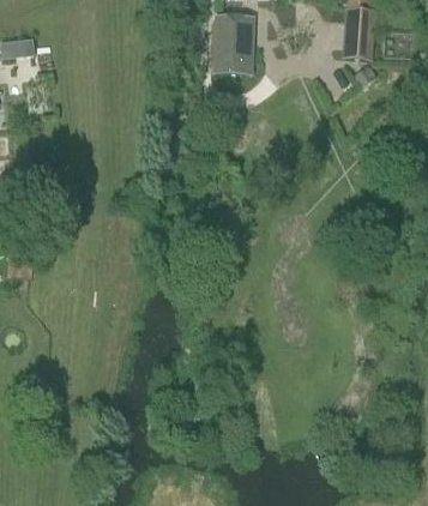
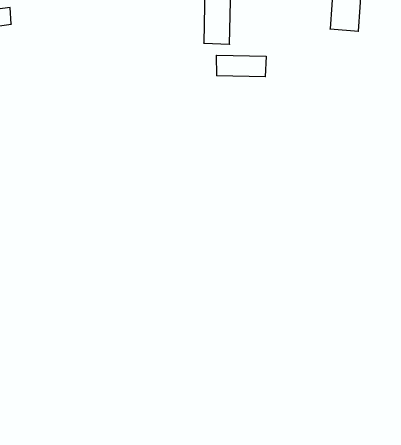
building: none -> [217,55,266,77]

